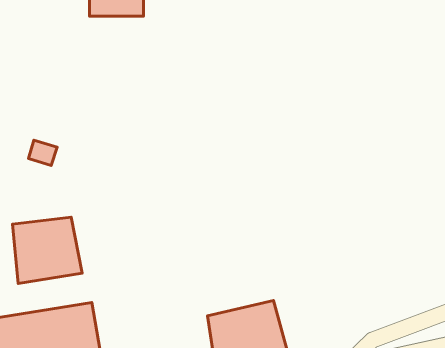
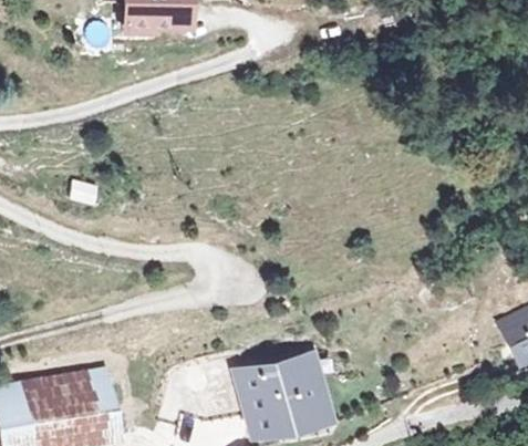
building: [12,217,82,283] -> none

